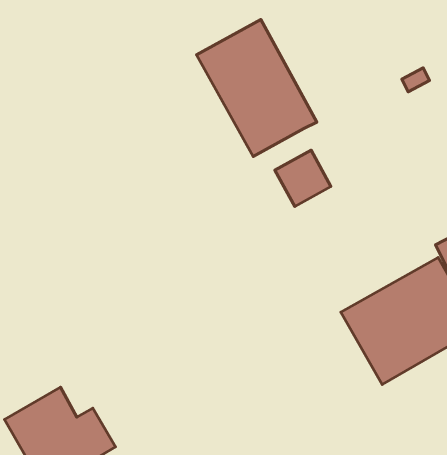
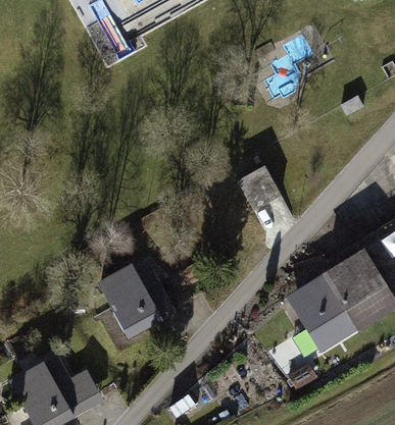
building: [197,19,317,157] -> none
building: none -> [98,258,175,337]

